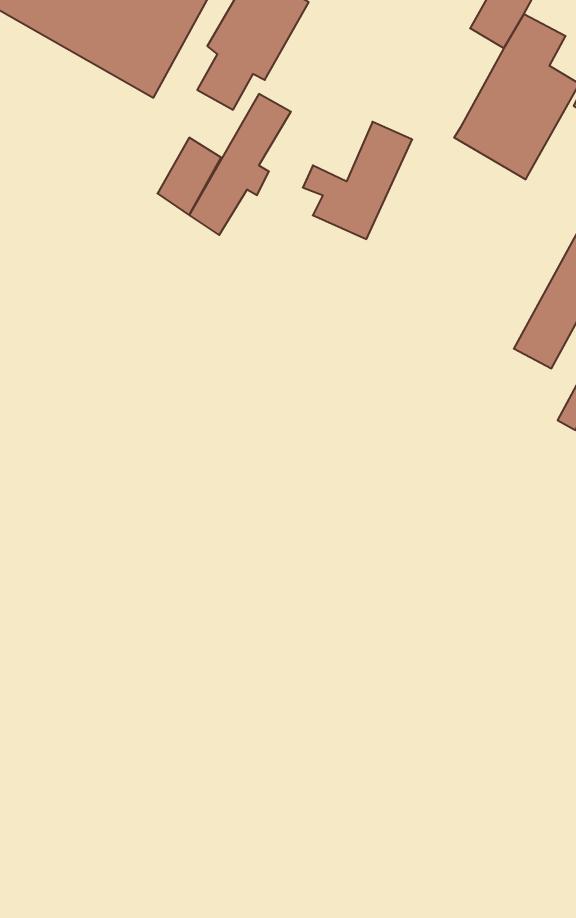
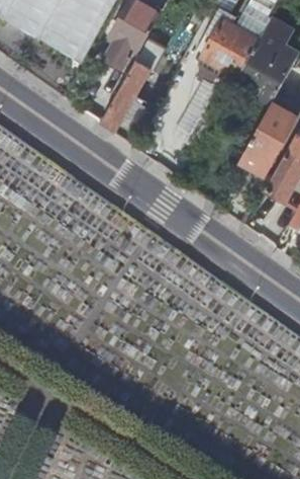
building: none -> [203,12,262,73]
building: none -> [246,97,293,157]

